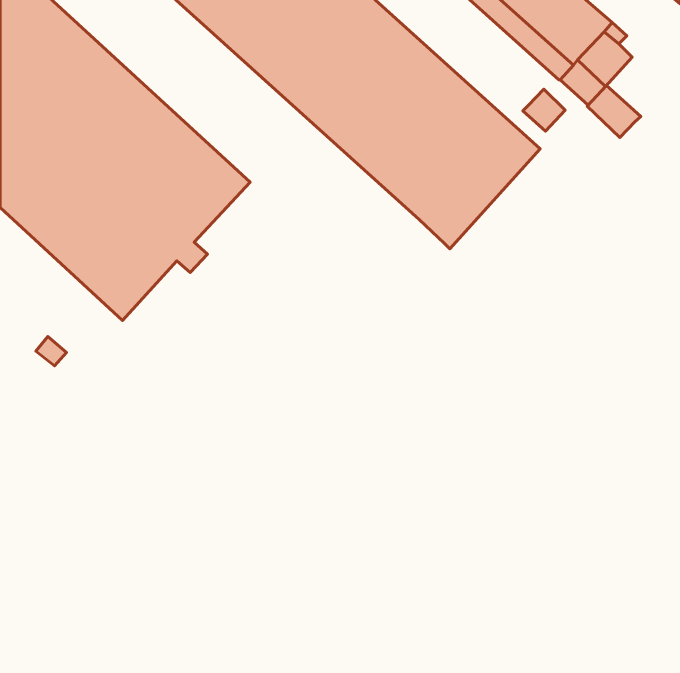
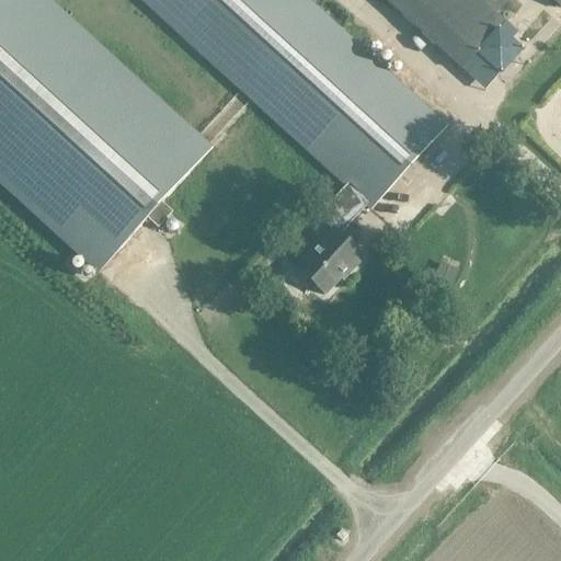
building: [587,85,641,138] -> none
building: [523,89,565,131] -> none
building: none -> [297,181,366,290]

